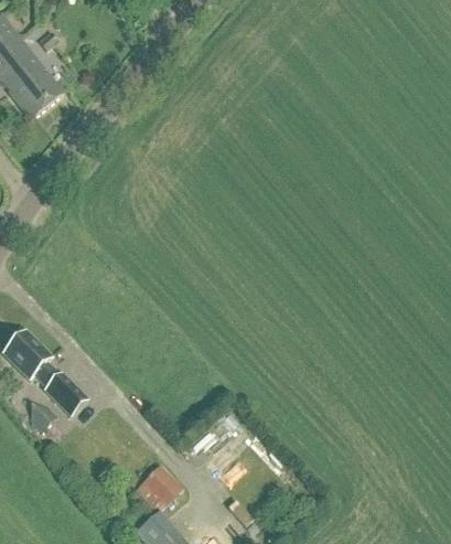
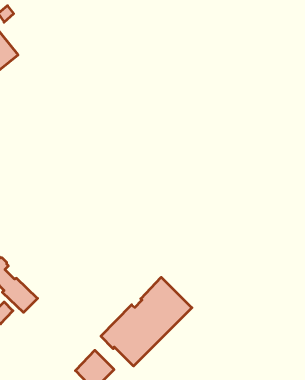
building: none -> [101,277,192,366]

